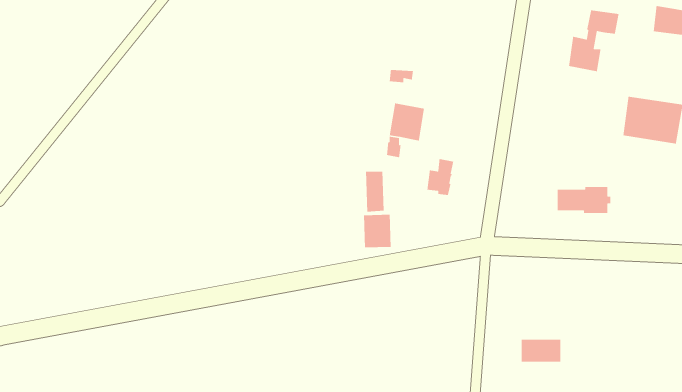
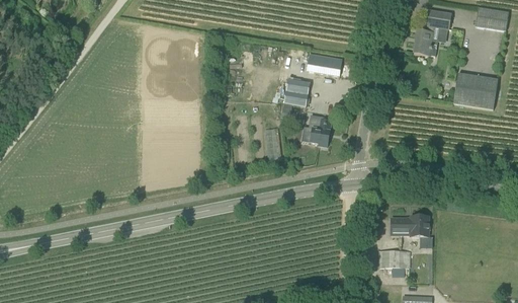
building: none -> [308,54,341,75]
building: [557,186,611,214] -> [391,216,430,236]
building: [363,214,392,248] -> none

